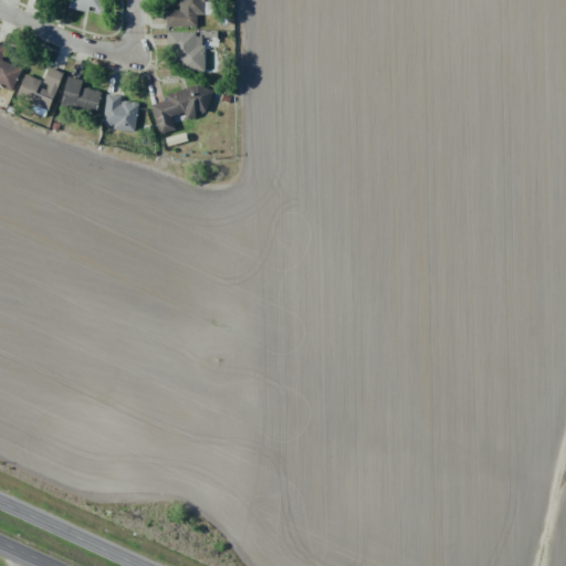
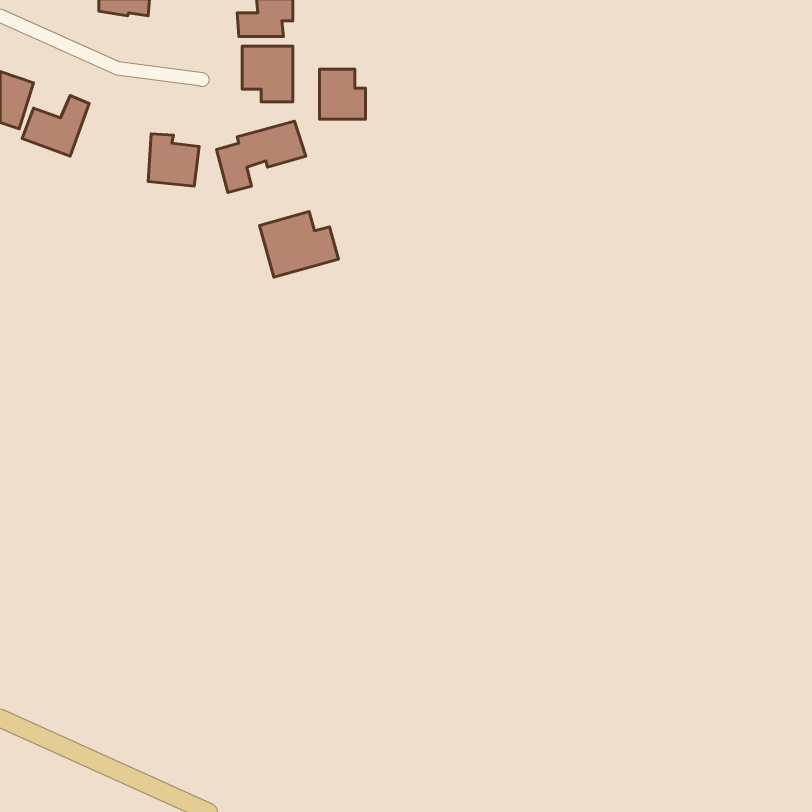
building: none -> [320,69,365,119]
building: [62,76,102,113] -> none
building: none -> [259,212,338,277]

